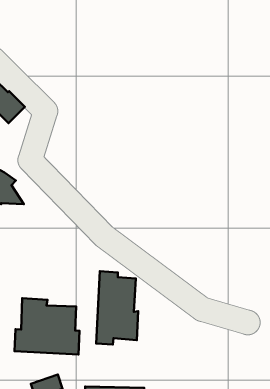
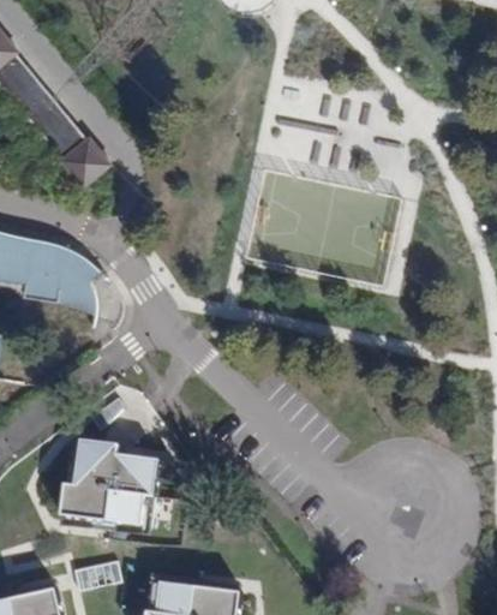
building: [96,271,138,345] -> none

